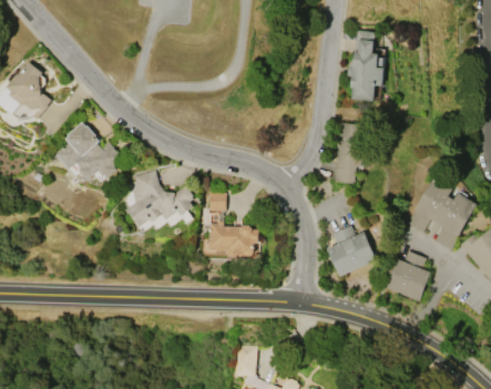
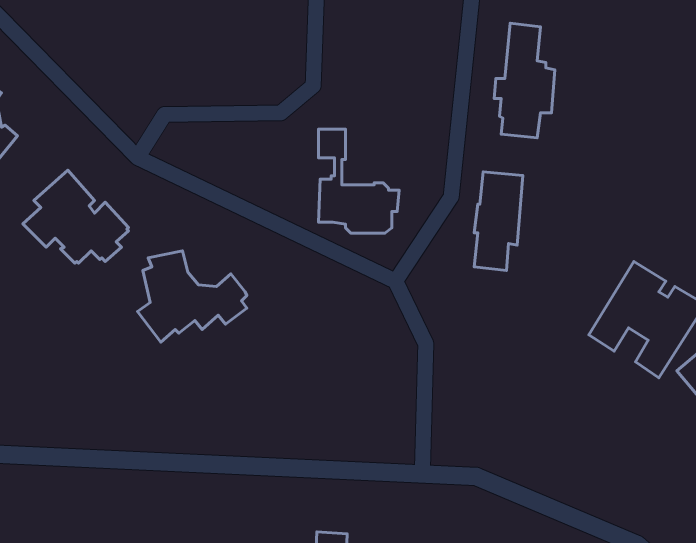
building: [208,193,258,257] -> [319,129,399,233]
building: [328,226,377,277] -> none
building: [382,253,430,301] -> none

